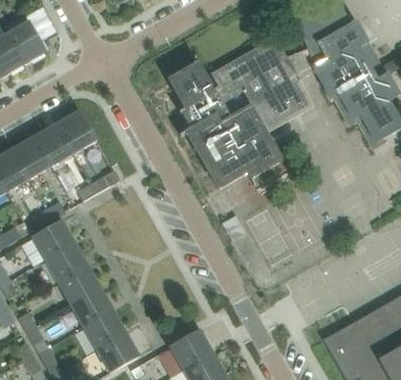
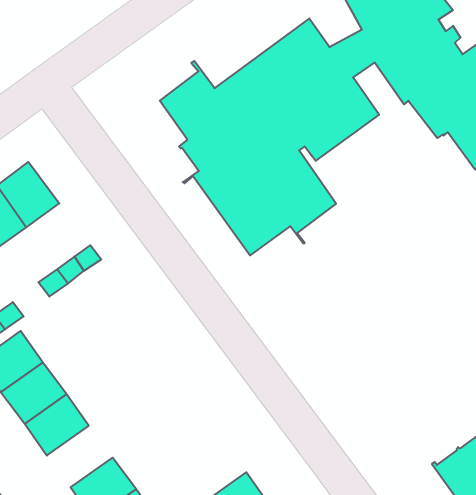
building: [70,288,113,327] -> none

